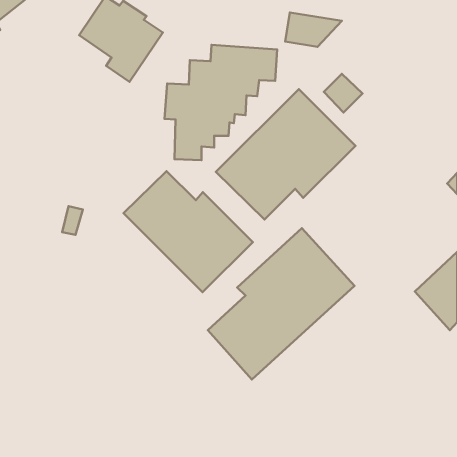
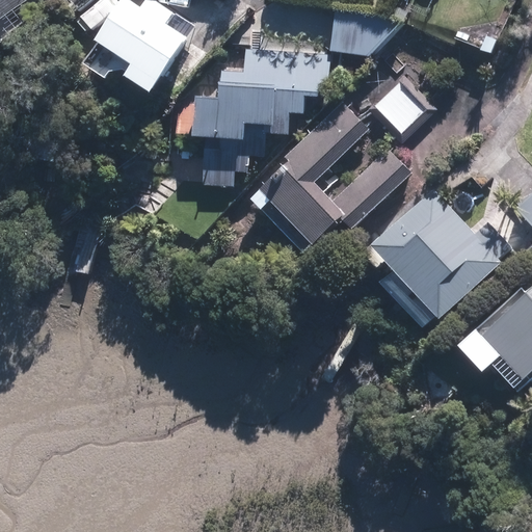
building: none -> [371,189,508,318]
building: [124,171,253,292] -> none
building: [208,228,354,380] -> none

